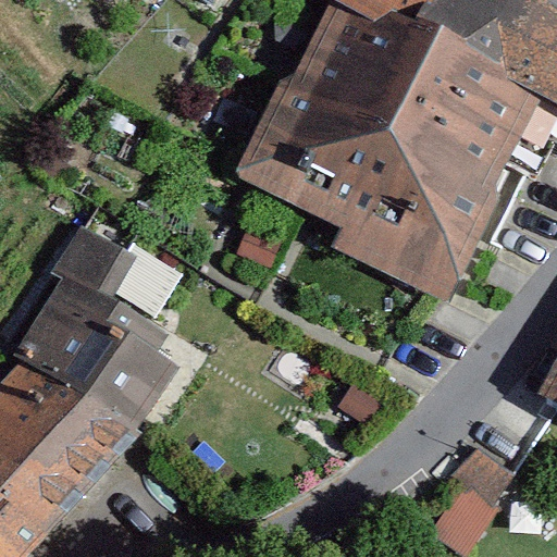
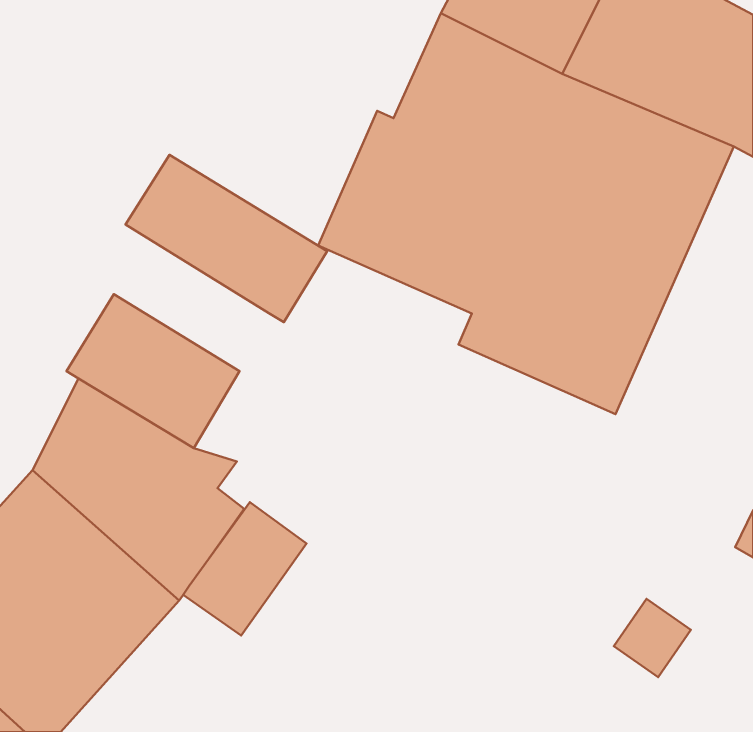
building: none -> [125,155,327,322]
building: none -> [183,502,307,636]

